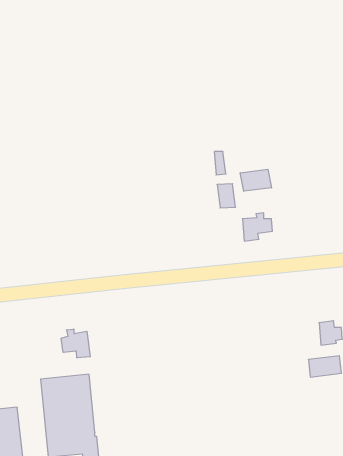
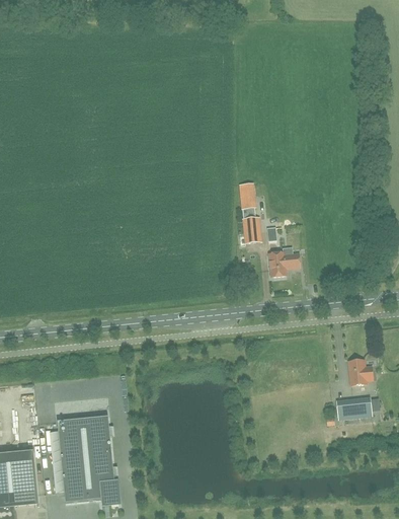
building: [240,169,271,191] -> none
building: [61,329,90,358] -> none

